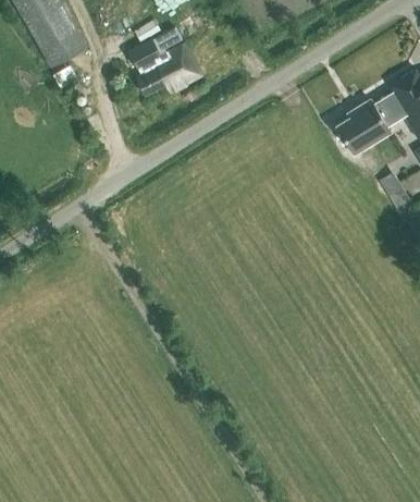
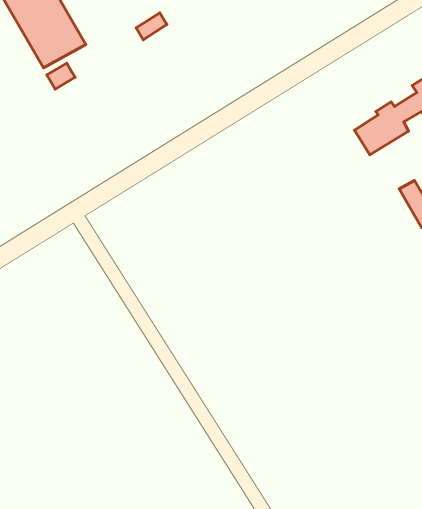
building: [131,25,199,96] -> none

